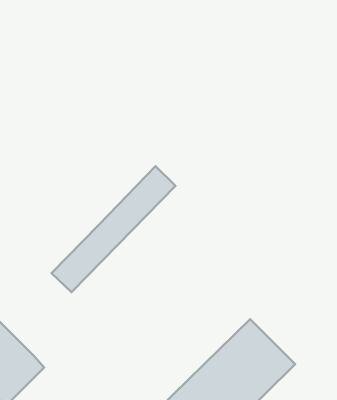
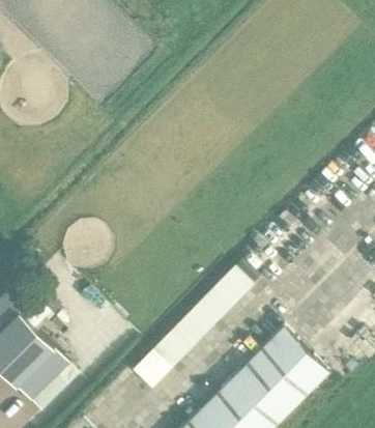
building: [52,166,176,292] -> [131,265,253,390]

